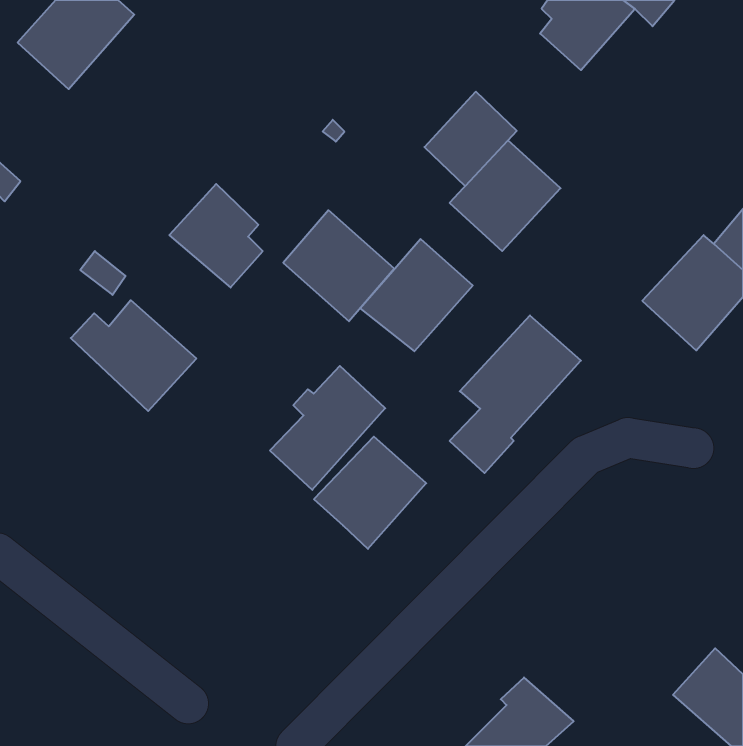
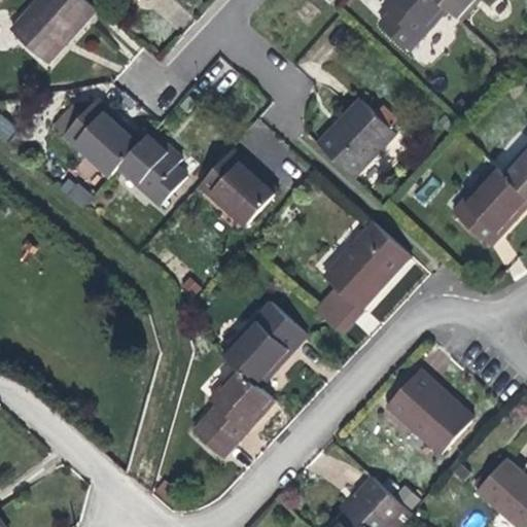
building: [424,92,517,186] -> none
building: [360,239,473,351] -> none
building: [71,300,196,411] -> [55,99,143,177]
building: [270,366,385,490] -> [192,371,274,458]
building: none -> [386,368,473,454]

